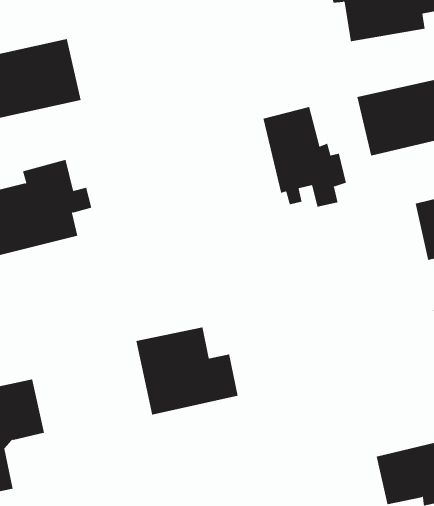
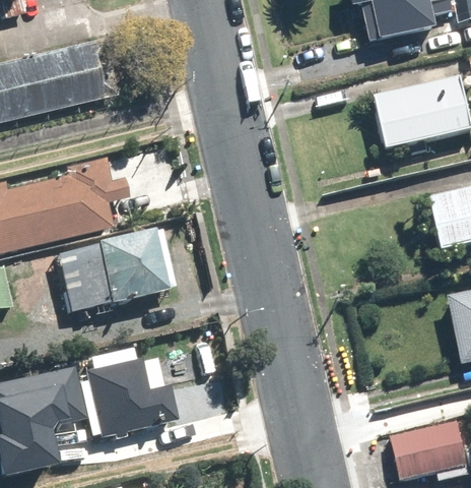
building: [263,106,346,208] -> none
building: none -> [53,231,171,312]
building: [135,327,239,415] -> [77,360,175,443]

